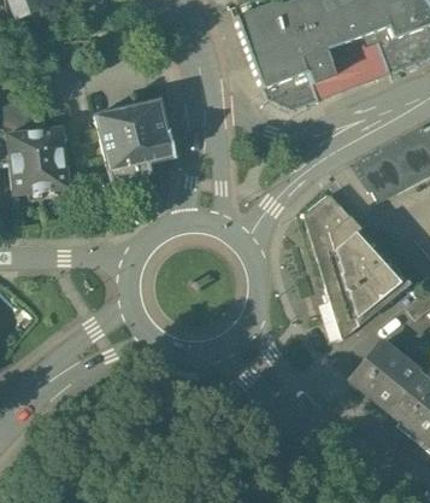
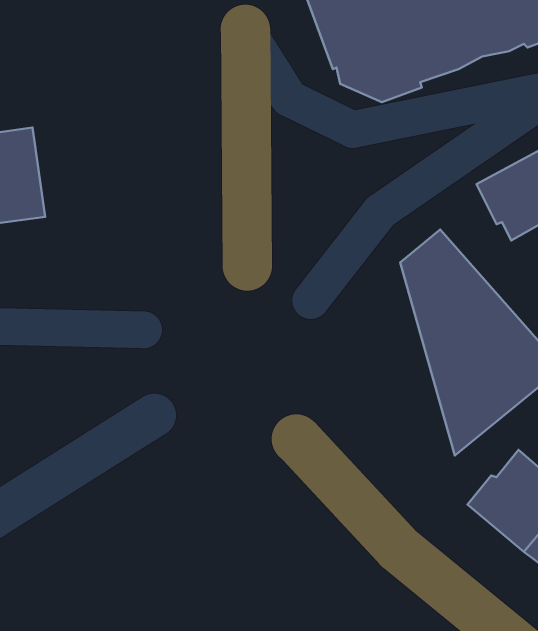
building: [95,99,175,182] -> none

